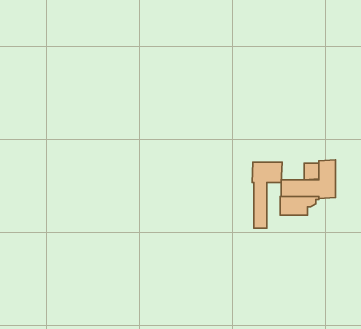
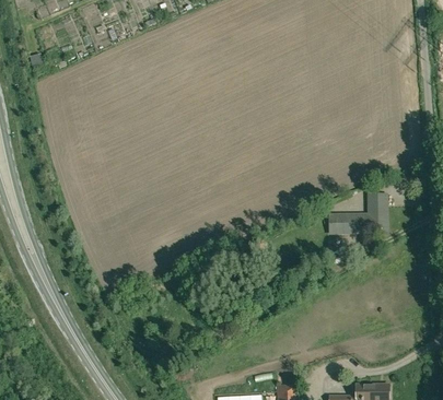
building: [252,162,282,228] -> none

